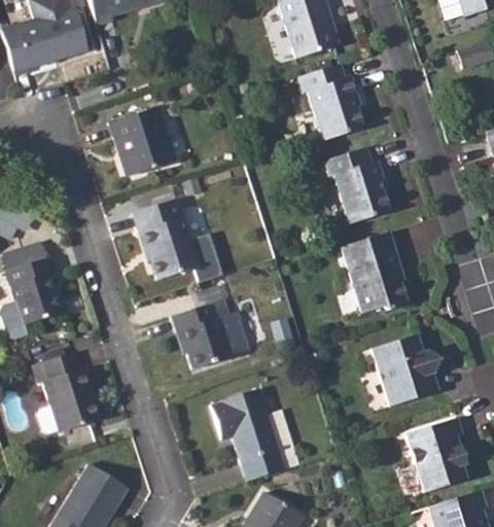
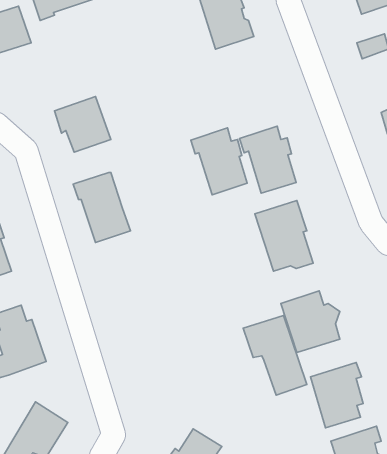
building: [297,62,362,139] -> [191,128,247,195]
building: [188,232,224,281] -> none
building: [172,297,252,368] -> none
building: [210,388,283,480] -> [243,316,307,395]

